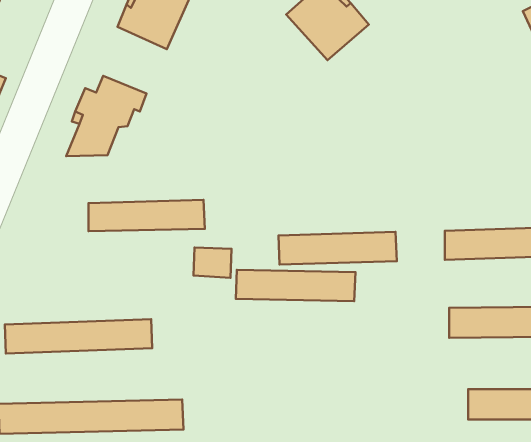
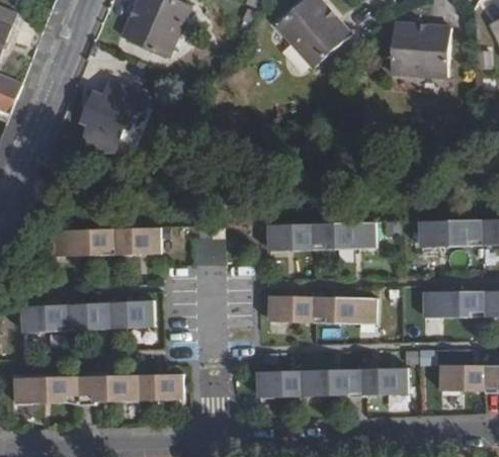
building: none -> [391,23,449,77]
building: [89,200,205,231] -> [55,229,160,257]
building: [236,270,355,301] -> [268,296,377,325]
building: none -> [256,368,407,400]

